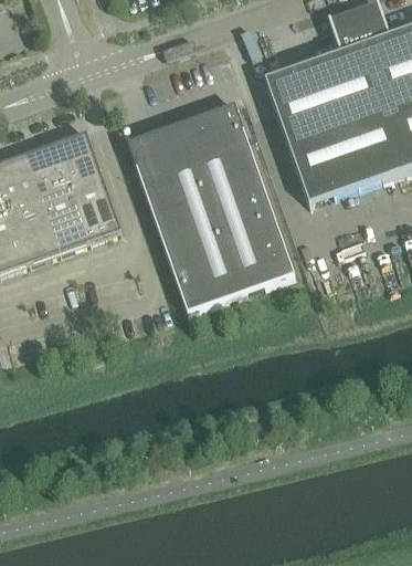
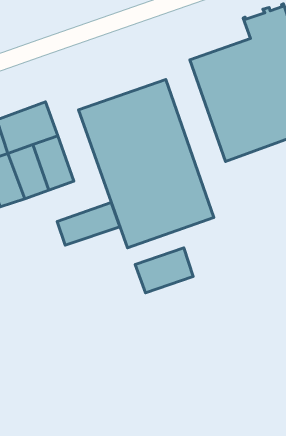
building: none -> [57,202,120,245]
building: none -> [135,248,193,293]

